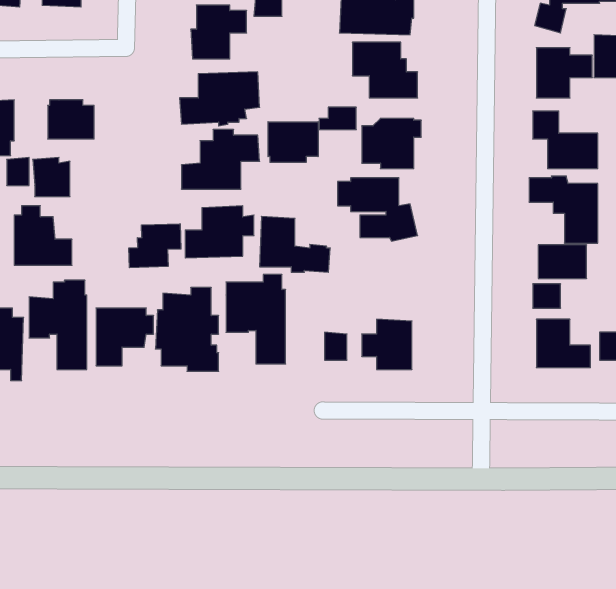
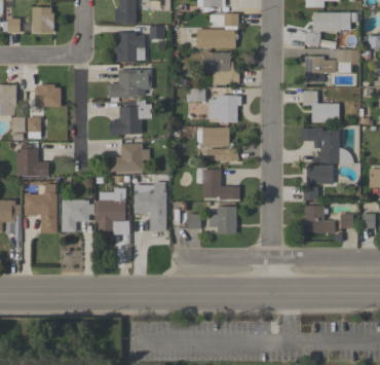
building: [268,122,318,162] -> none
building: [260,216,330,272] -> [201,169,240,199]
building: [129,224,181,268] -> none

